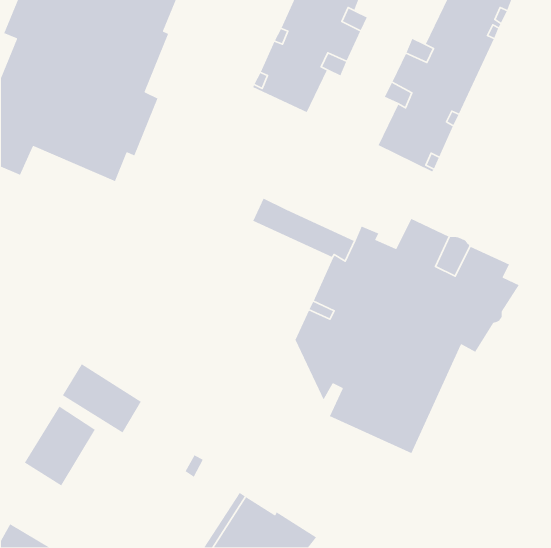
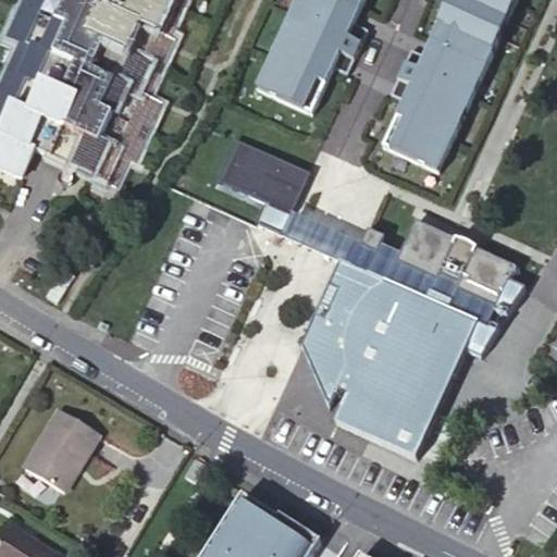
building: none -> [220,136,308,211]
building: [62,363,142,433] -> none

